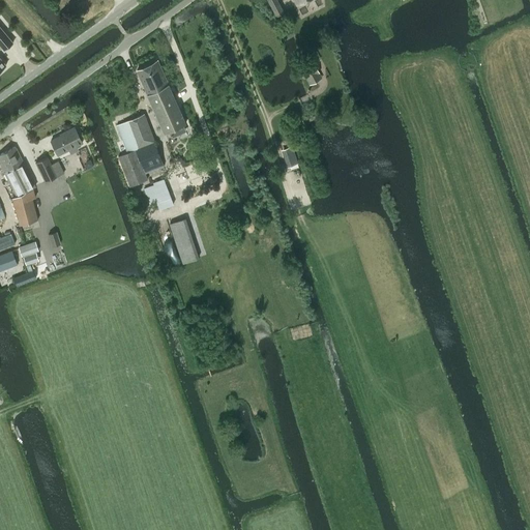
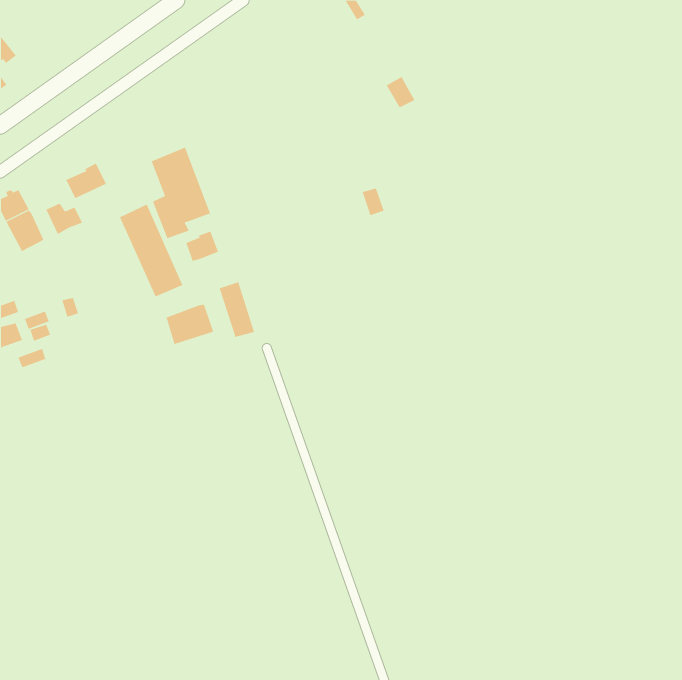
building: [136,61,185,134] -> [119,204,183,297]
building: [12,188,37,226] -> none
building: none -> [166,304,214,345]

